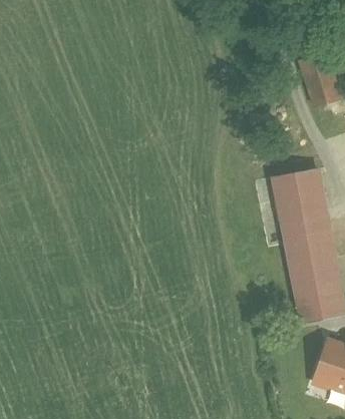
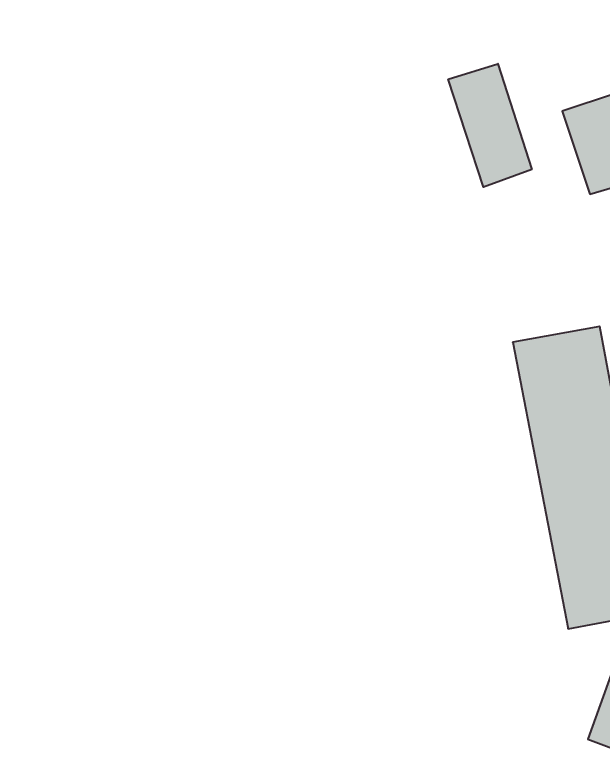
building: none -> [448,64,532,187]

